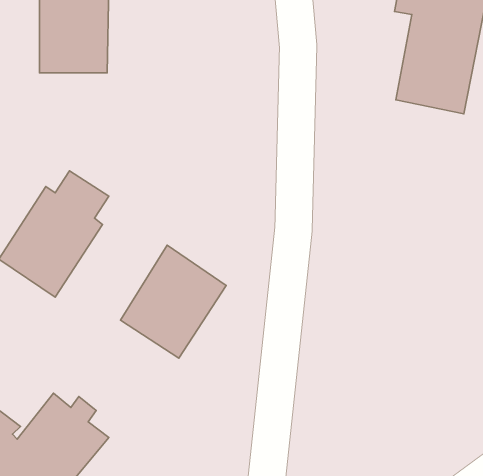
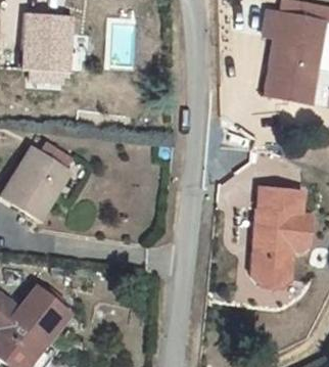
building: none -> [253,184,311,284]
building: [120,245,226,358] -> none

